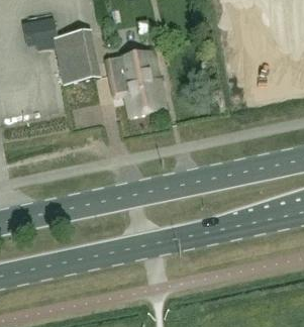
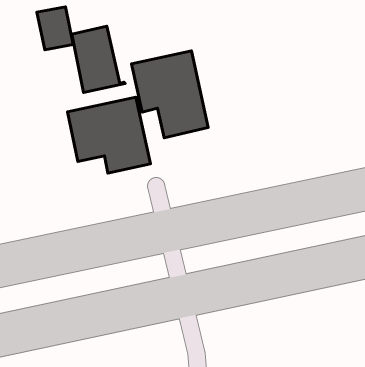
building: none -> [68,97,150,173]

